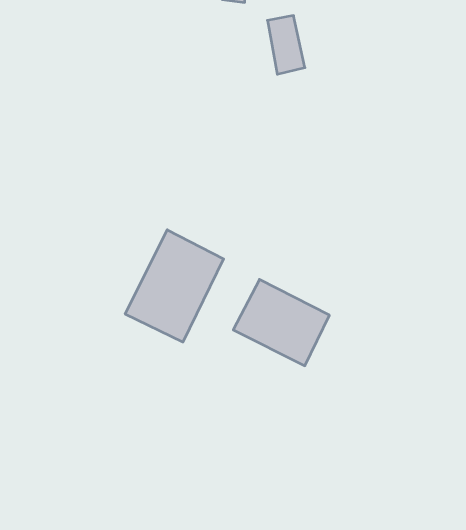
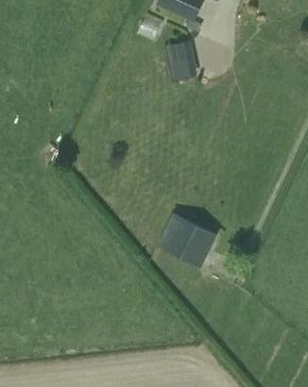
building: [125,230,224,342] -> none

